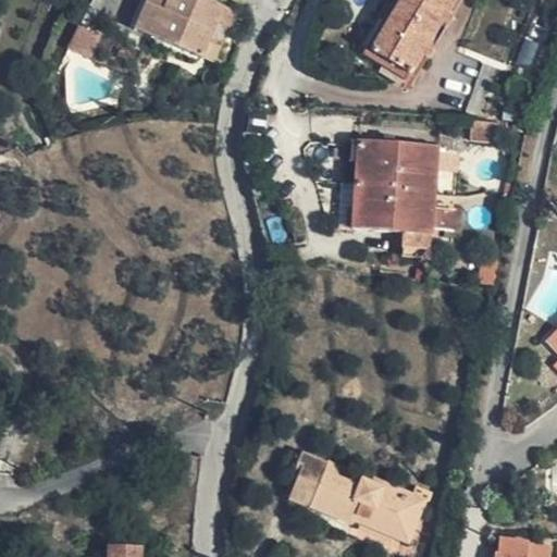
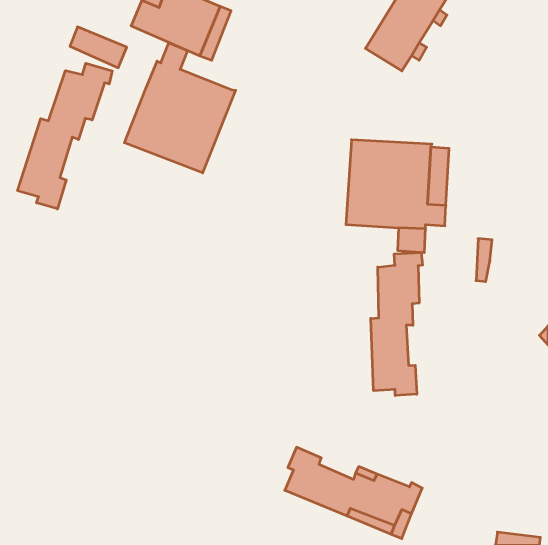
building: none -> [124,43,236,173]
building: none -> [18,63,112,209]
building: none -> [371,252,423,396]

